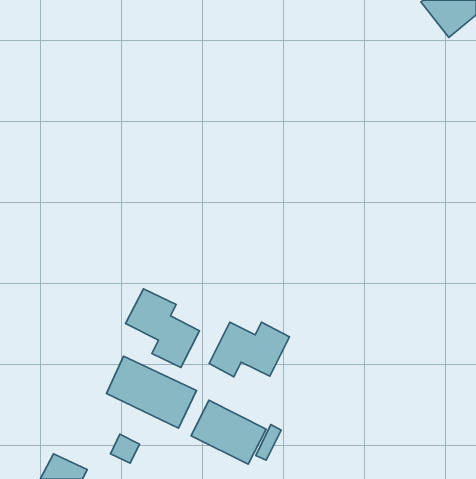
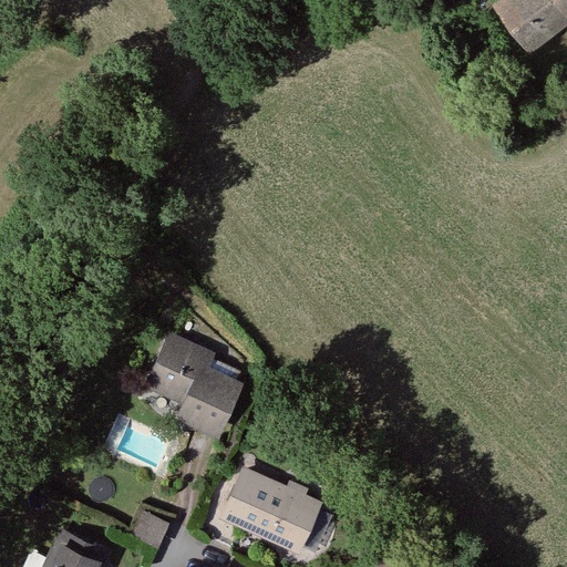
building: [209,322,289,377] -> none
building: [106,356,197,428] -> none

